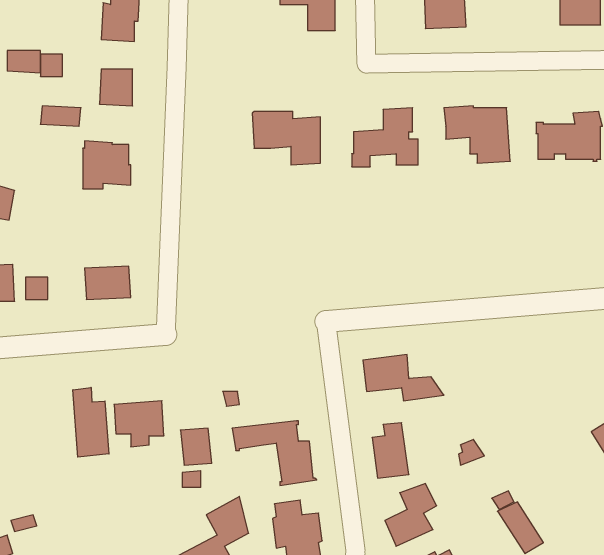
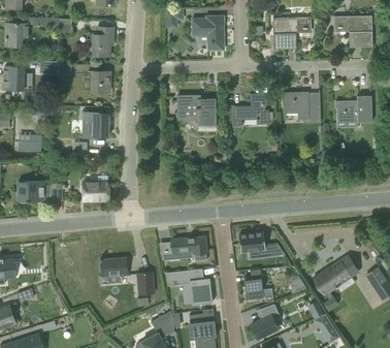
building: none -> [171,236,206,261]
building: [73,387,109,457] -> none
building: none -> [314,256,357,311]

